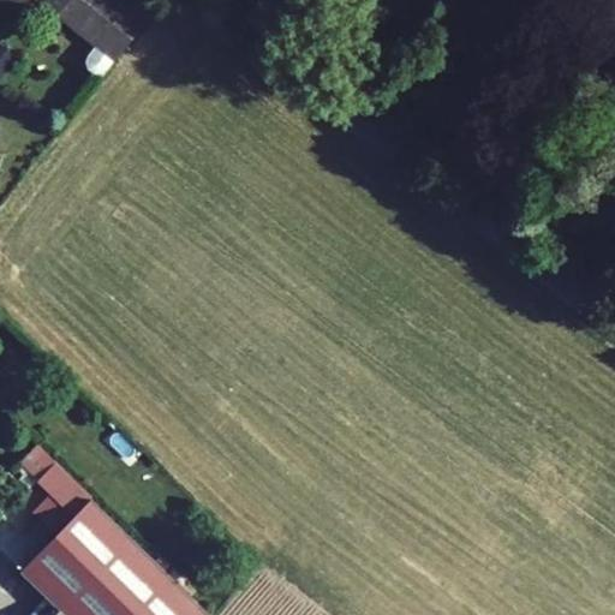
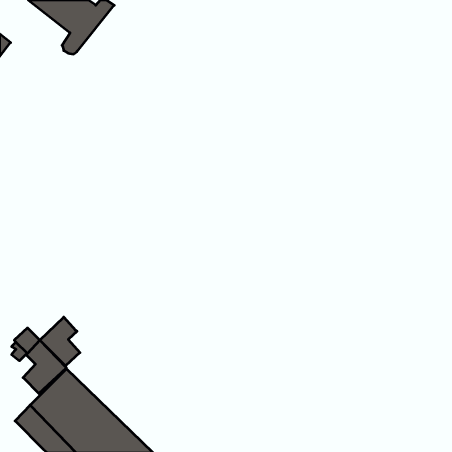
building: none -> [40,317,80,366]

